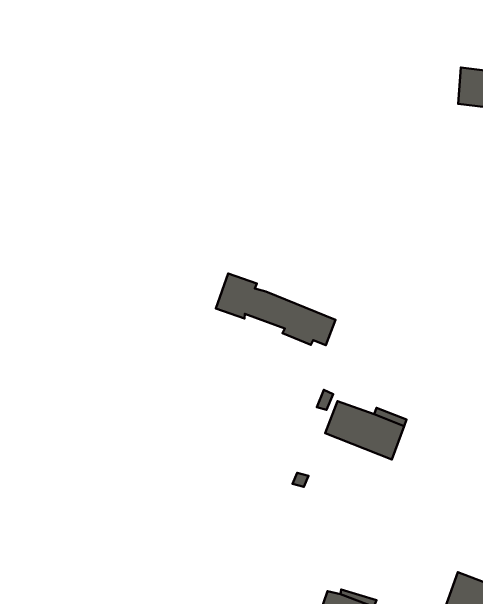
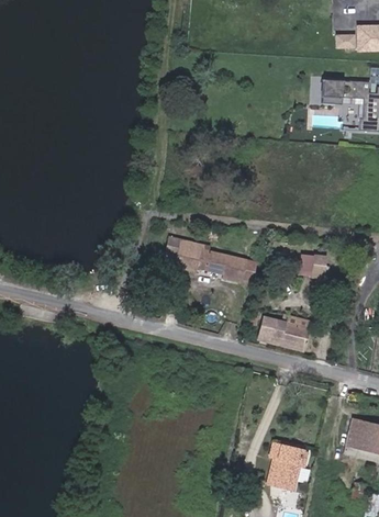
building: none -> [300,252,327,278]

